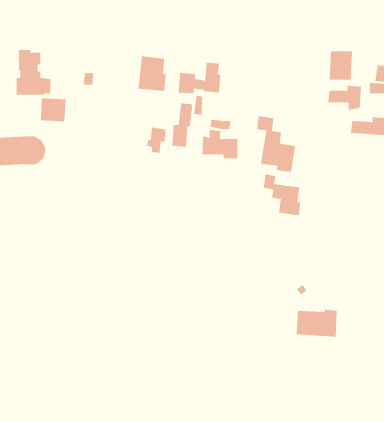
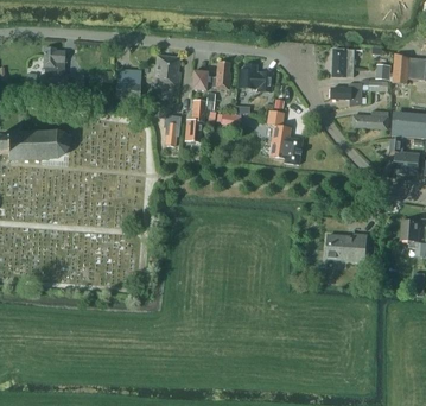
building: [40,98,67,122] -> [116,76,141,99]
building: [201,130,238,159] -> [237,63,272,90]
building: [263,174,301,216] -> none
building: [296,309,338,337] -> [328,233,367,259]

